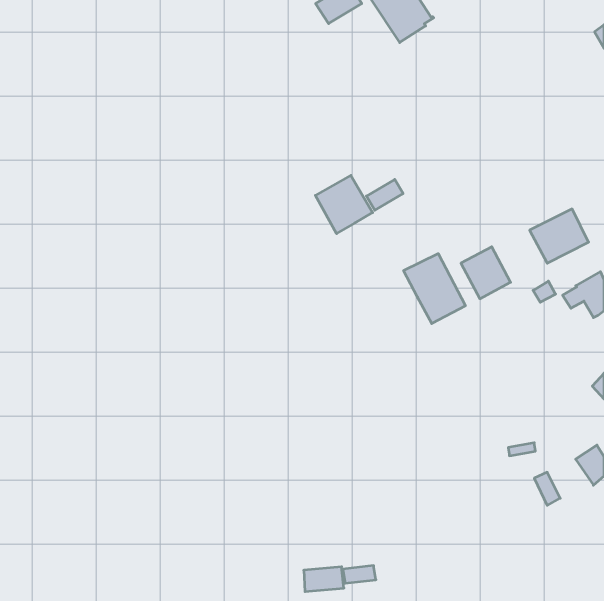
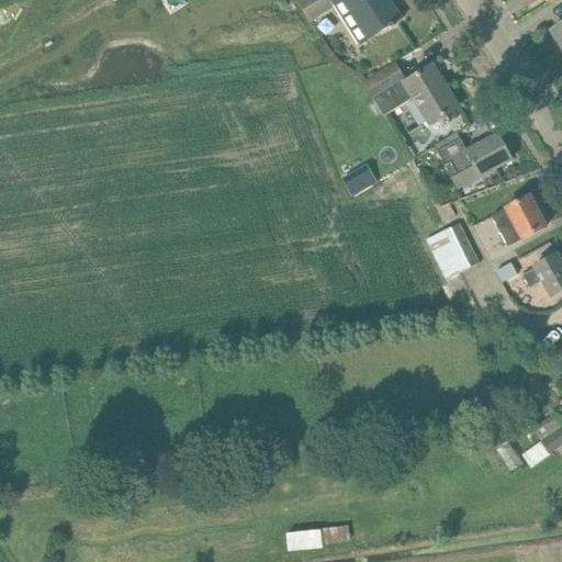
building: none -> [368,64,459,127]
building: none -> [437,133,512,171]
building: [315,175,373,234] -> none
building: [404,254,465,324] -> none

